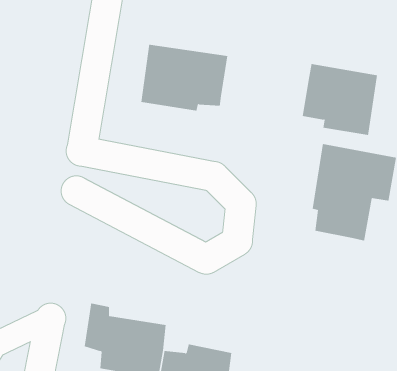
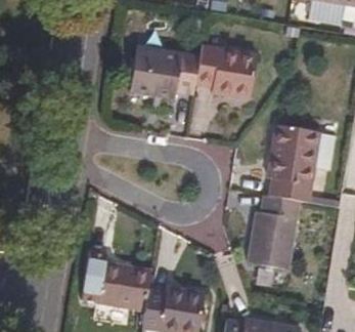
building: [302,63,378,135] -> [195,44,256,101]
building: none -> [248,194,300,268]

